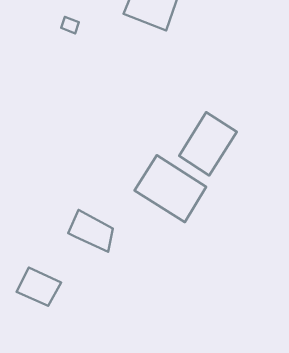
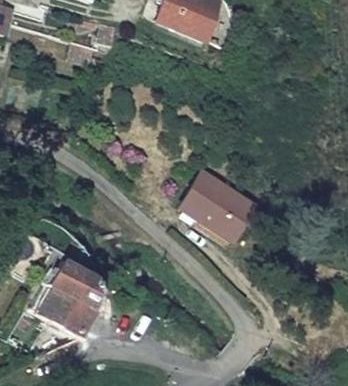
building: [179,112,237,175] -> none
building: [68,210,113,252] -> [52,263,100,308]

